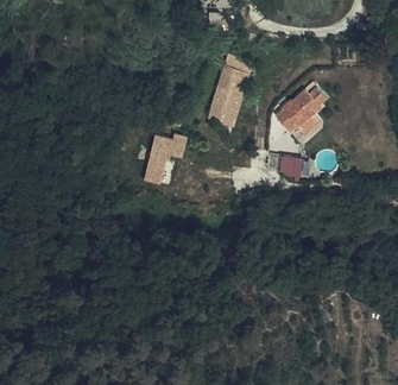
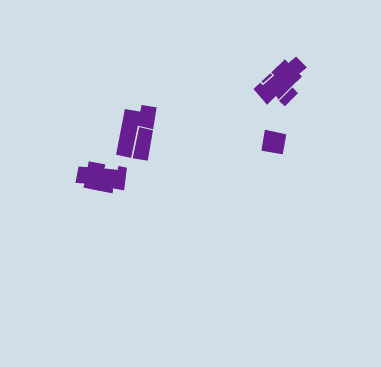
building: [209,55,252,126] -> none
building: none -> [75,161,128,194]

